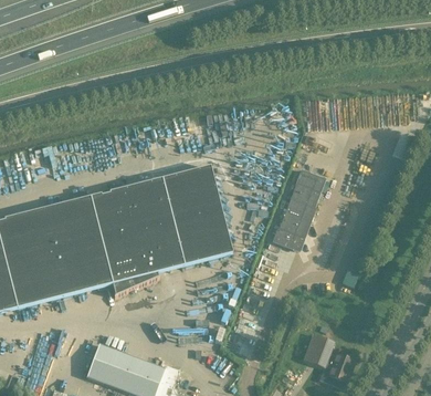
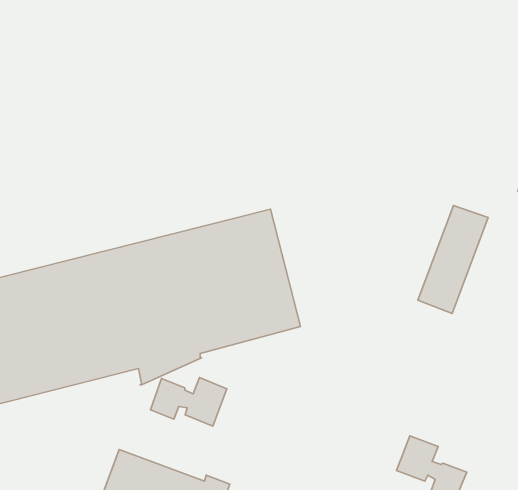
building: [274,167,326,247] -> [418,206,488,314]
building: none -> [150,378,227,426]

